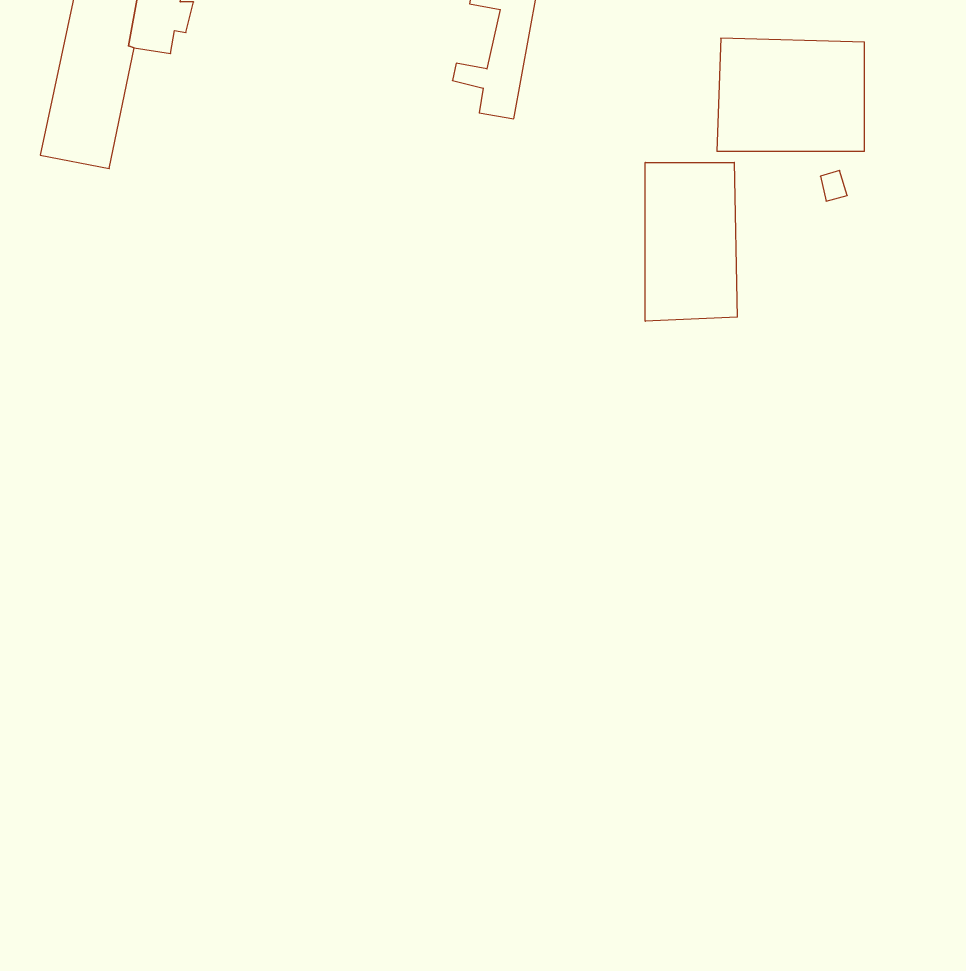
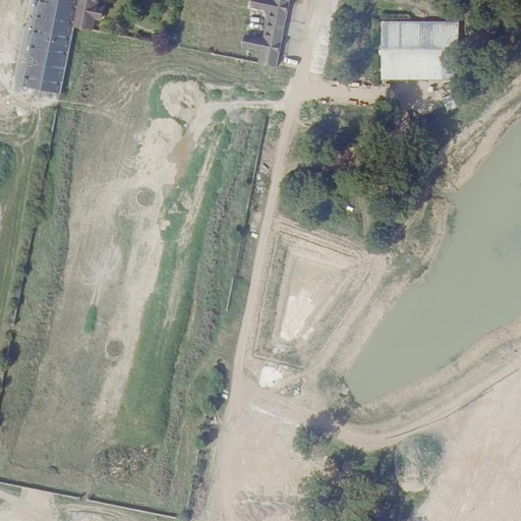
building: [645,162,737,321] -> none

